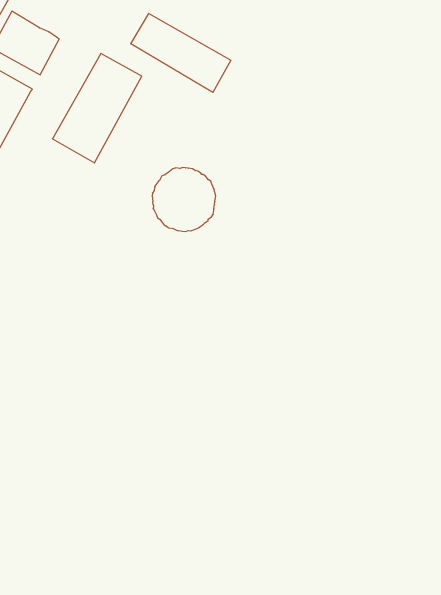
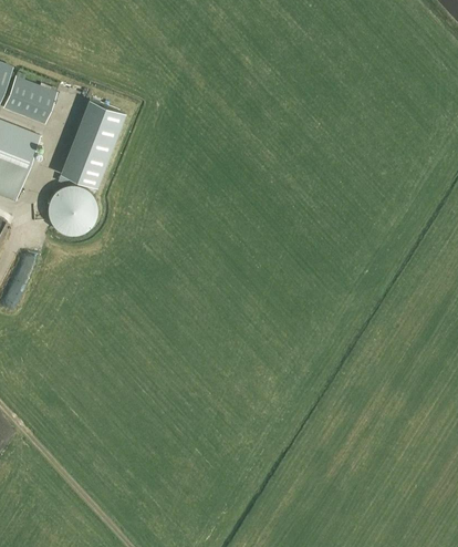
building: [131,13,231,92] -> none
building: [152,168,216,232] -> [46,184,96,234]

